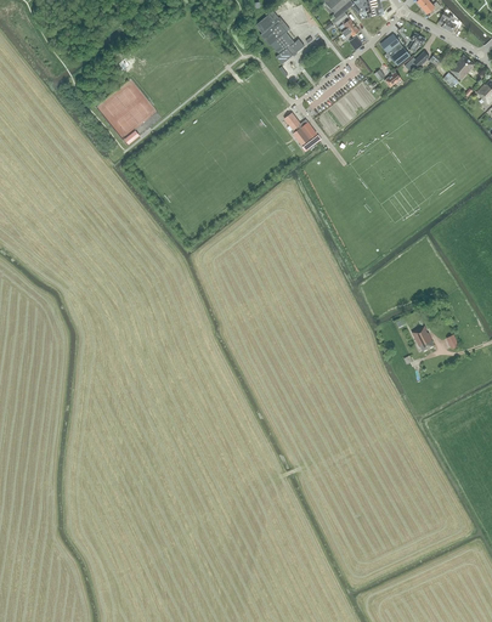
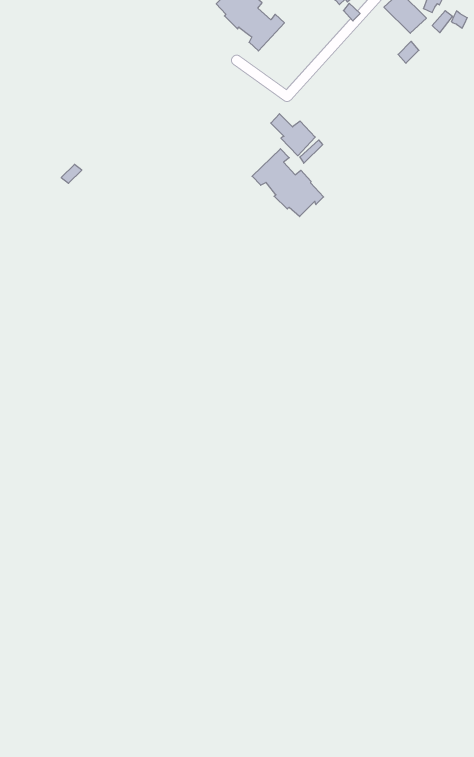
building: none -> [252,149,324,217]

